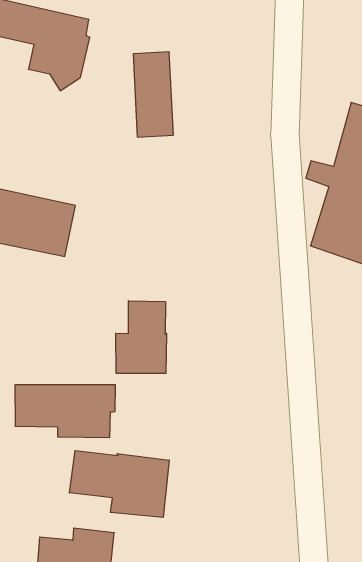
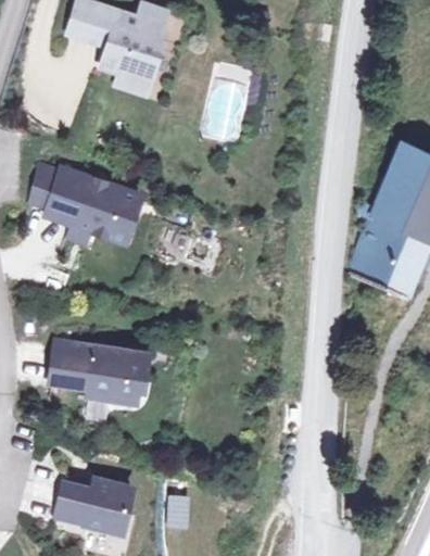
building: [116,301,167,373] -> none
building: [70,451,169,517] -> none

